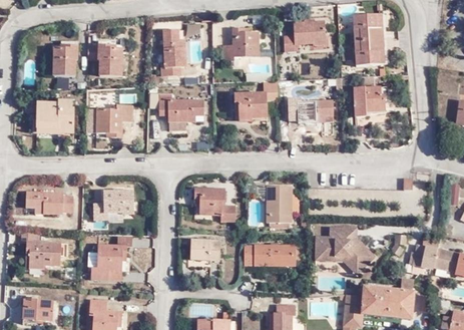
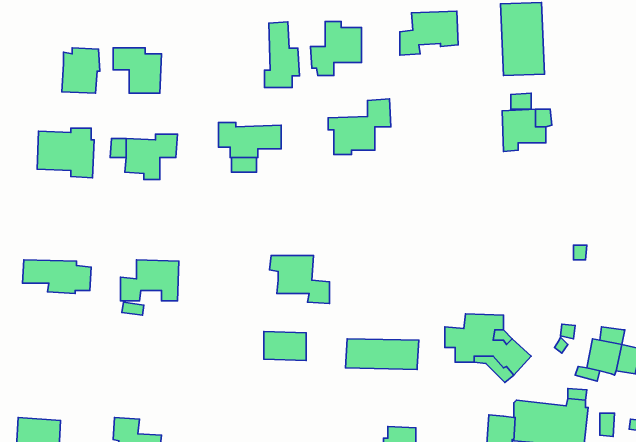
building: [161,28,185,73] -> [264,22,299,88]
building: [288,98,333,123] -> none
building: [268,187,293,229] -> none
building: [20,231,59,268] -> none
building: [91,237,130,279] -> none

